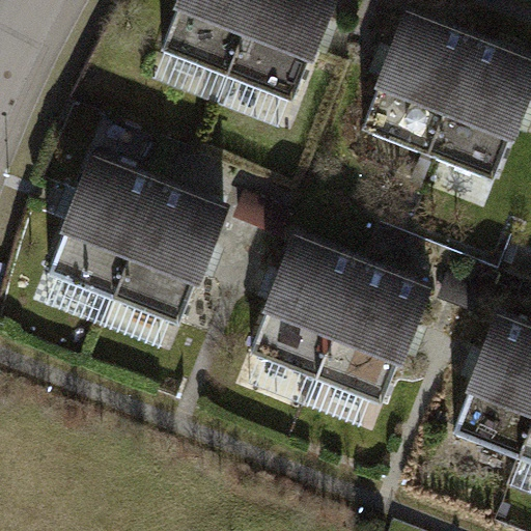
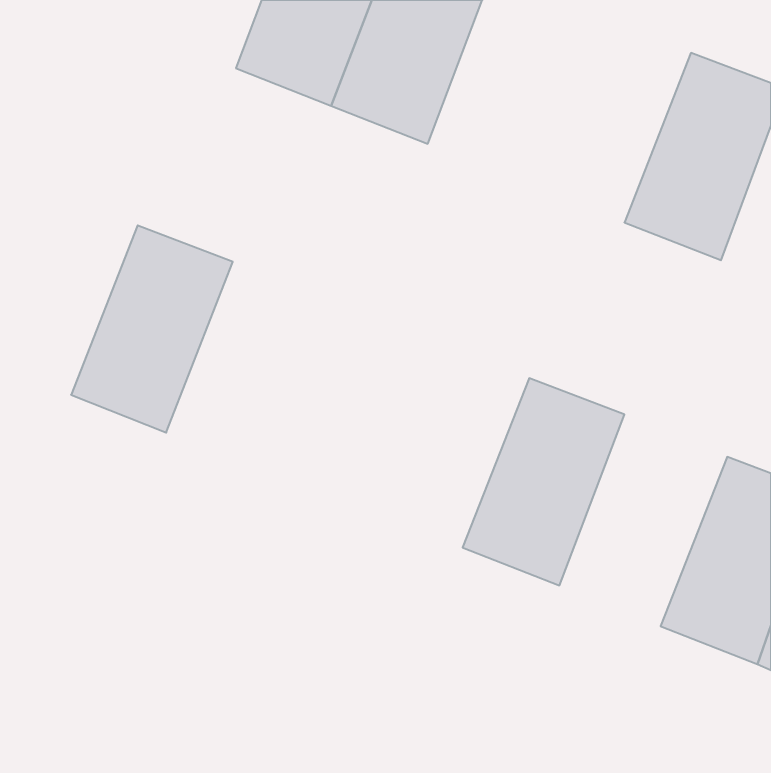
building: [363,10,474,152] -> none
building: [114,179,225,322] -> none
building: [251,233,363,375] -> none

